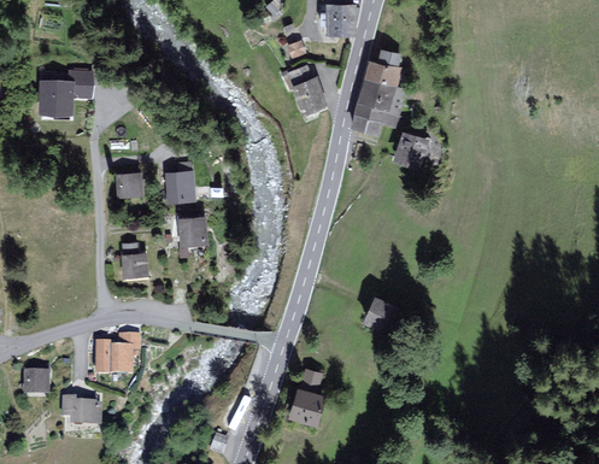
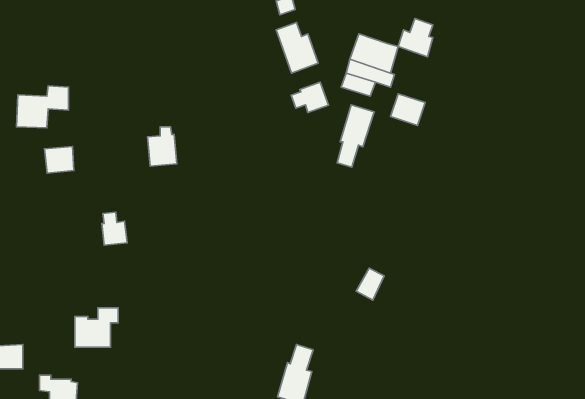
building: [366,49,399,86] -> [398,19,433,57]
building: [41,72,90,112] -> [16,86,69,128]
building: none -> [291,82,329,113]
building: none -> [337,105,374,167]
building: [114,171,142,196] -> [45,146,74,173]
building: [178,218,206,245] -> none

